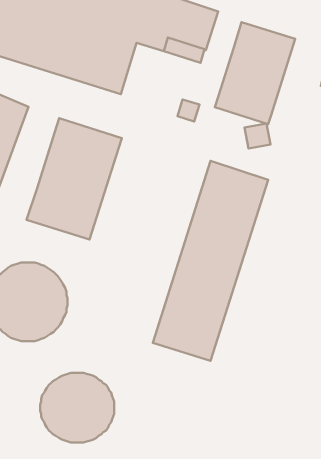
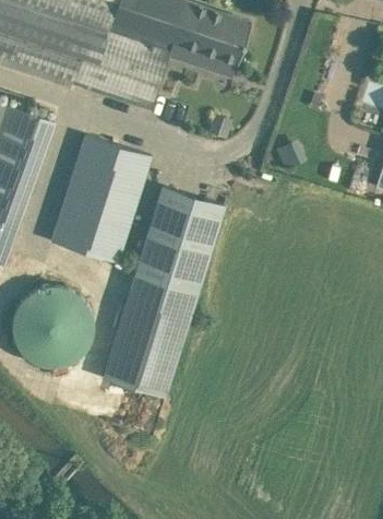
building: [215,22,295,124] -> none
building: [153,161,268,361] -> [105,188,225,397]
building: [40,373,114,442] -> none

